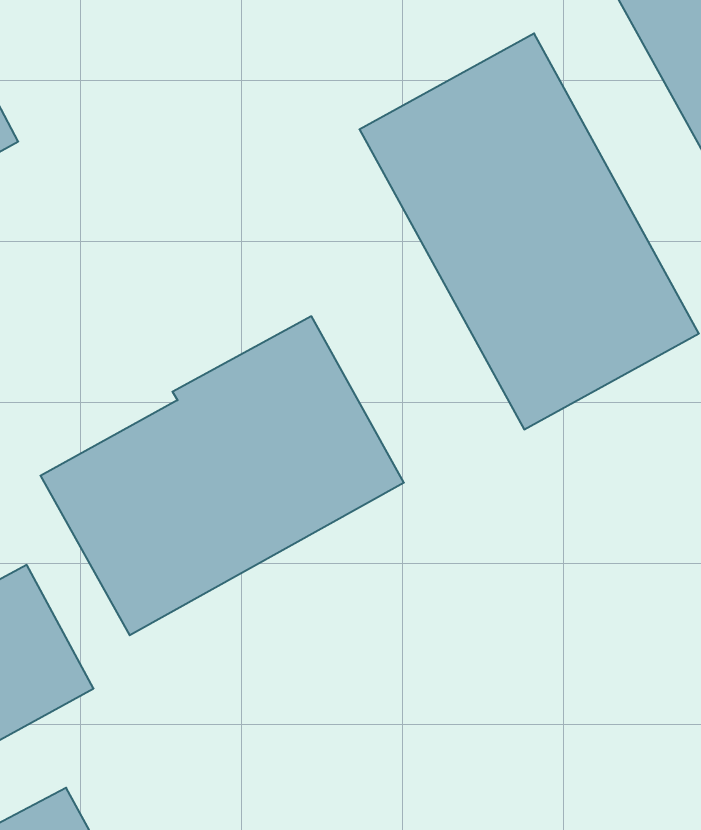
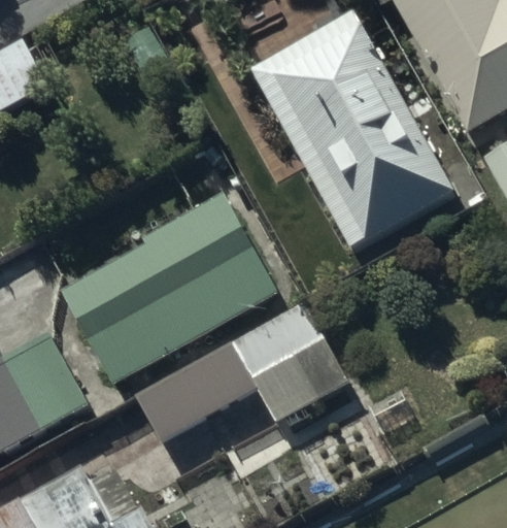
building: none -> [136,307,350,447]

